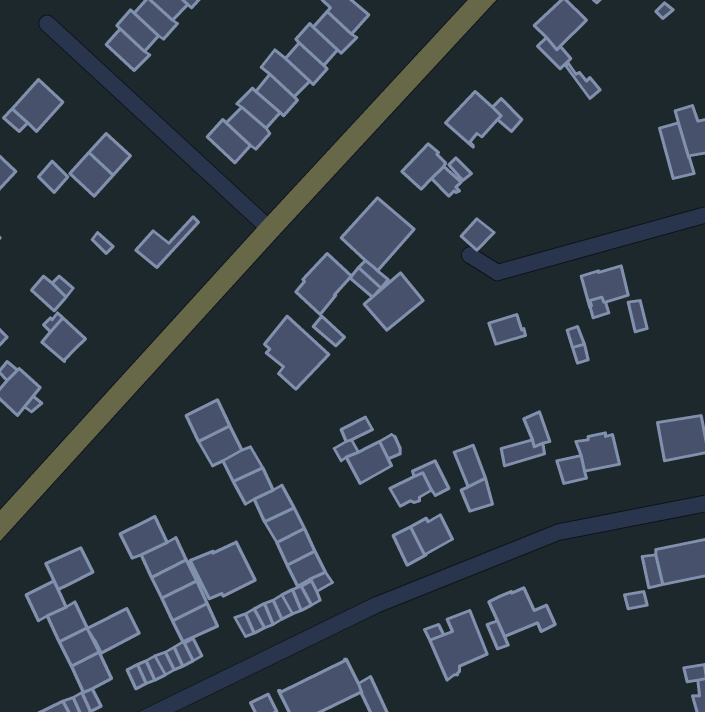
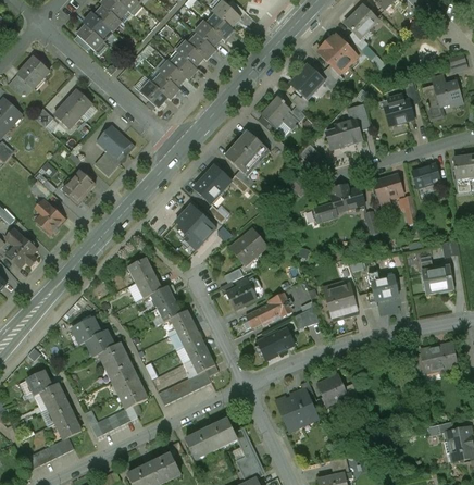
building: none -> [319,34,357,72]
building: none -> [384,92,414,124]
building: none -> [326,102,370,148]
building: none -> [97,124,132,158]
building: none -> [412,162,440,187]
building: none -> [63,170,95,202]
building: [364,273,423,330] -> [230,227,267,263]
building: none -> [332,186,365,212]
building: none -> [326,289,358,320]
building: [190,542,255,599] -> none
building: [46,548,93,590] -> [72,316,101,343]
building: [87,609,139,653] -> none

